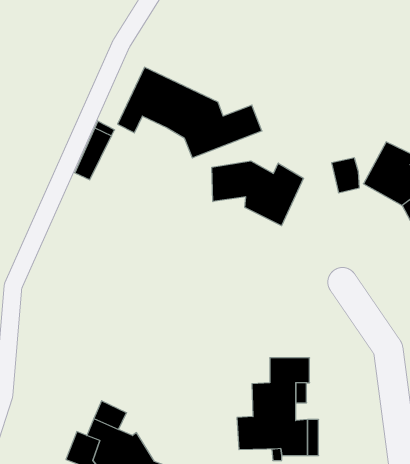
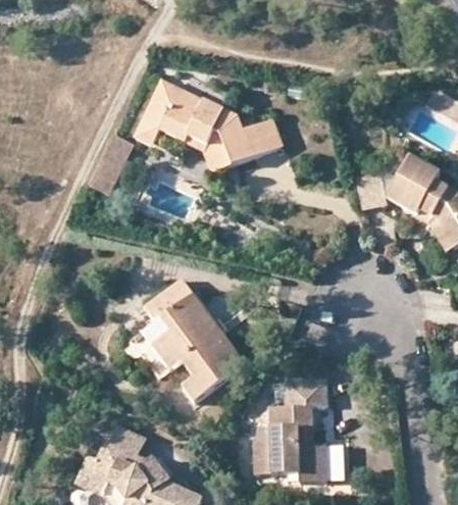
building: [212,161,304,226] -> none
building: none -> [144,280,245,403]

